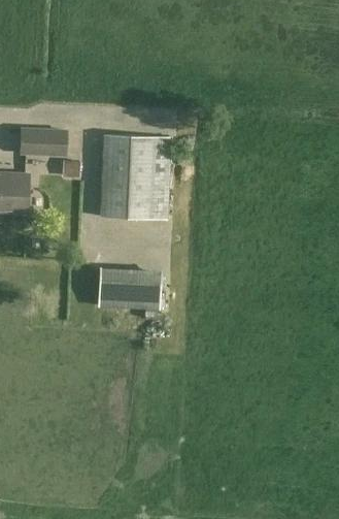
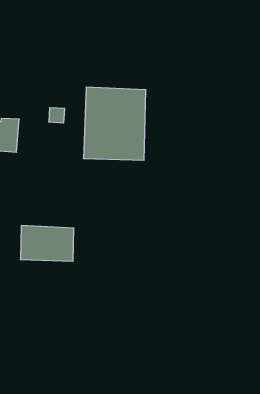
building: [19,127,66,157] -> none
building: [98,267,160,309] -> [20,226,74,261]

